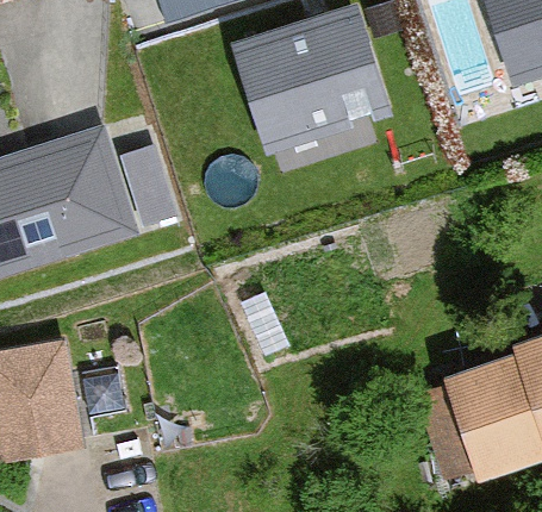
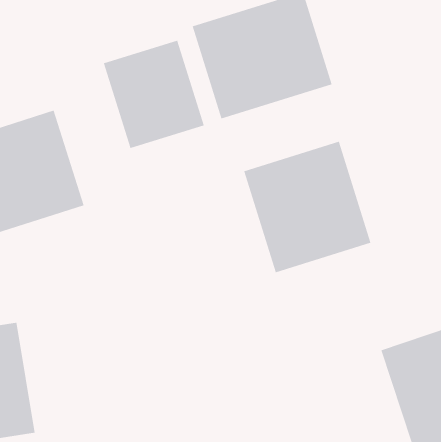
building: none -> [103,40,204,149]
building: none -> [244,141,371,273]

